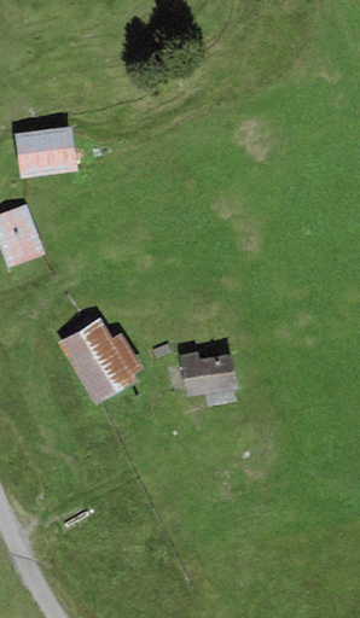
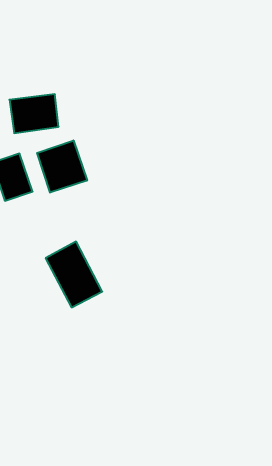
building: none -> [37,140,87,193]
building: [182,352,237,393] -> none

